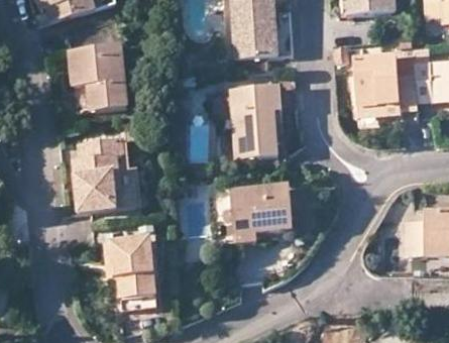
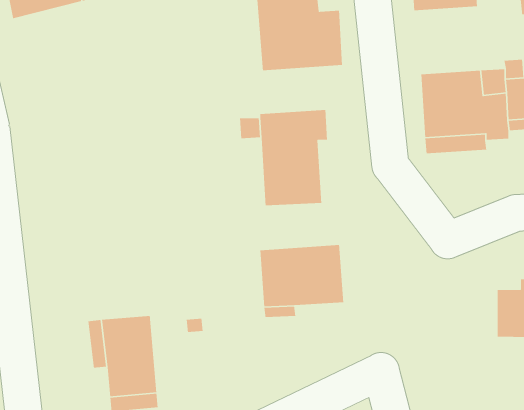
building: [69,44,125,108] -> none
building: [73,138,136,211] -> none

